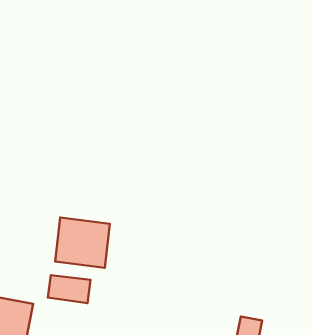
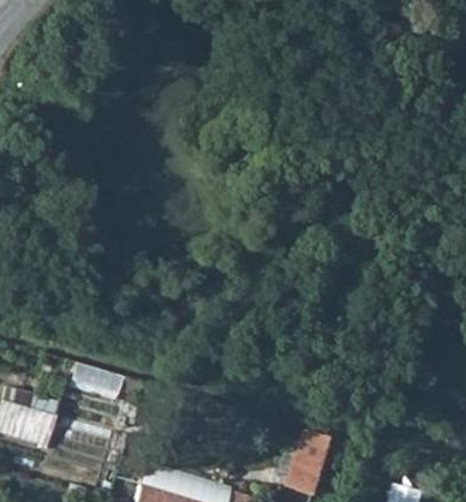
building: [55,217,110,268] -> none

